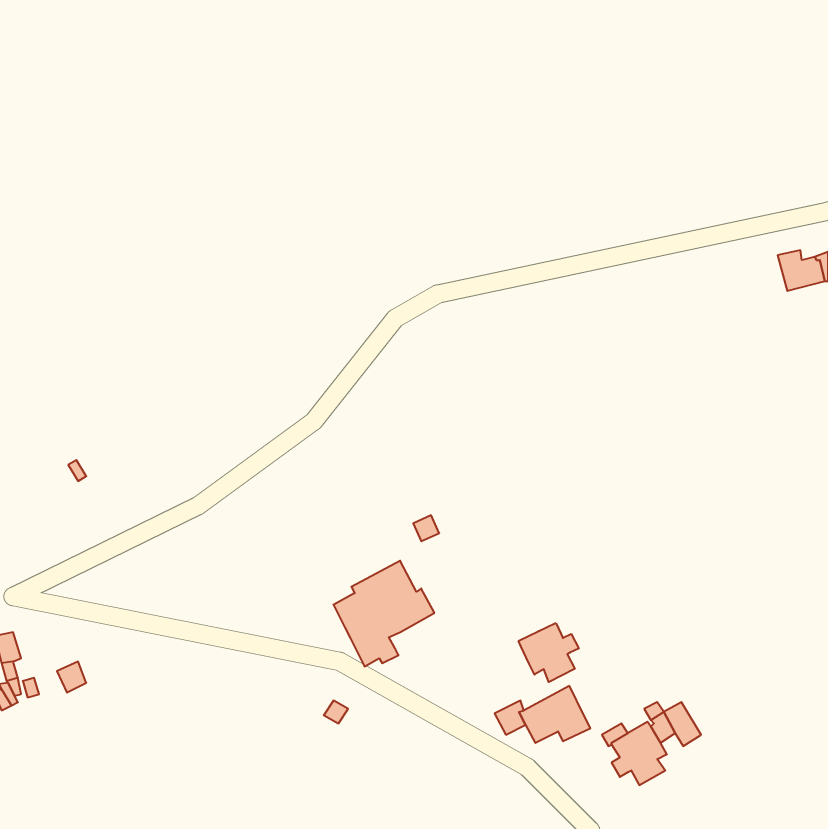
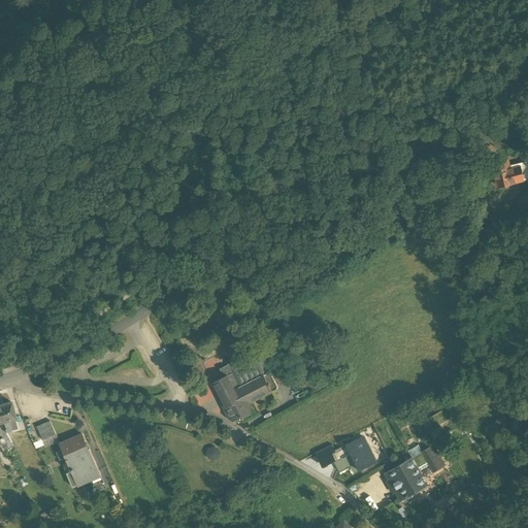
building: [519,623,579,682] -> none
building: none -> [59,435,100,486]

